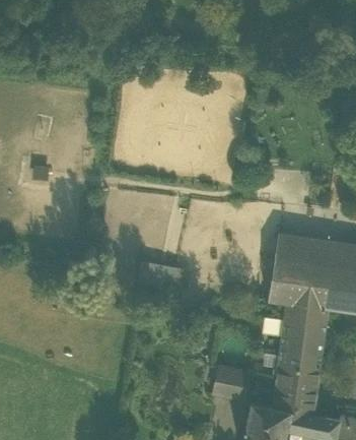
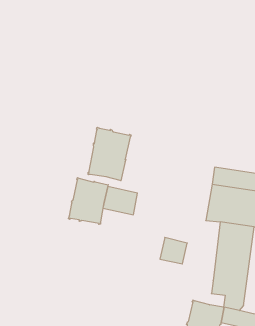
building: none -> [88,127,131,181]
building: none -> [68,178,108,224]
building: [214,365,248,398] -> [160,237,187,264]

